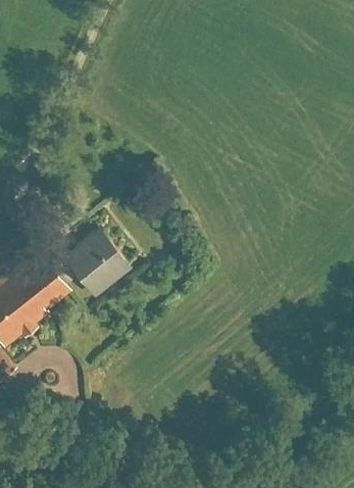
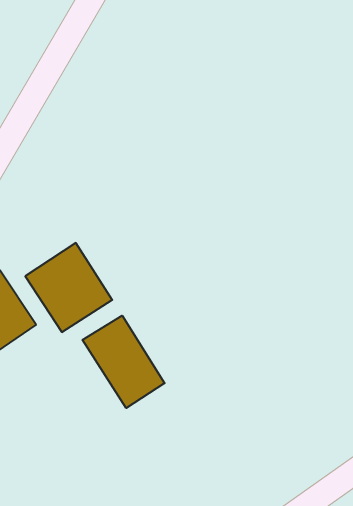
building: none -> [83,316,165,408]

